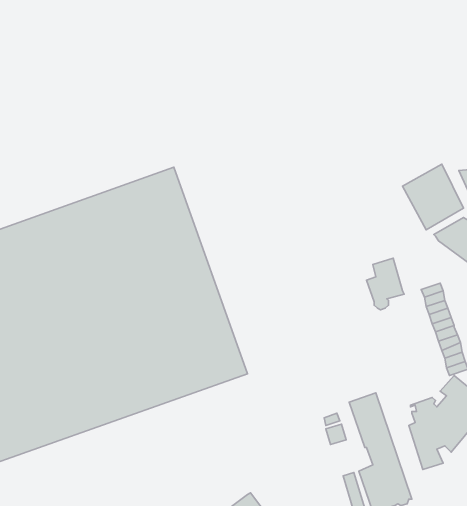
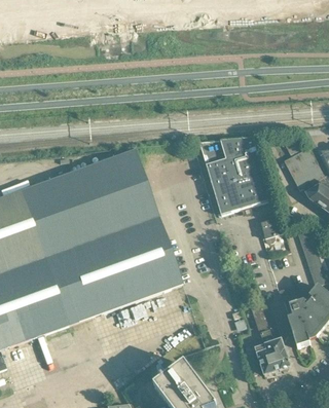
building: none -> [199,139,270,215]

